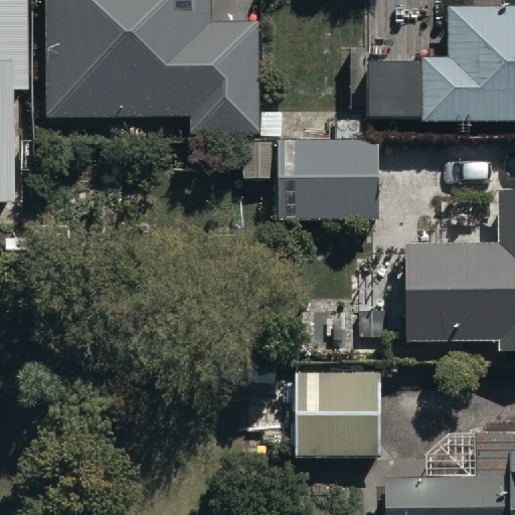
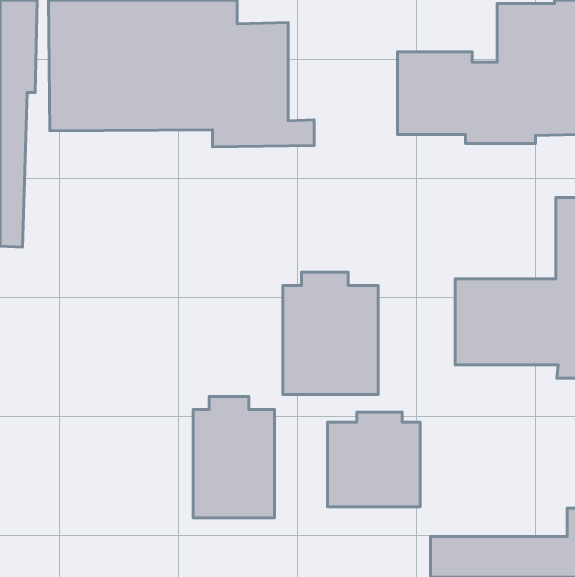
building: [278,139,380,220] -> none
building: none -> [283,272,378,394]
building: none -> [193,396,275,518]

